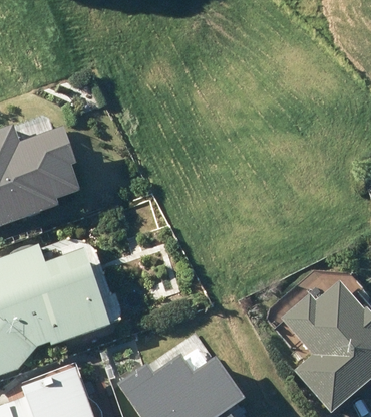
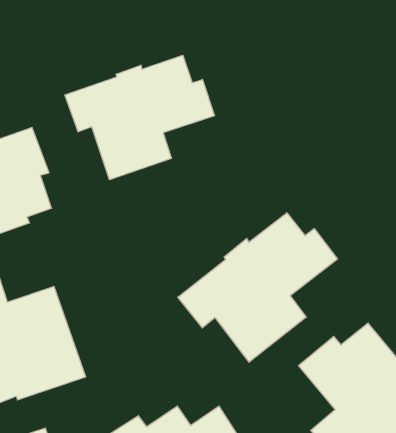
building: none -> [65,55,215,180]
building: none -> [178,213,338,362]

